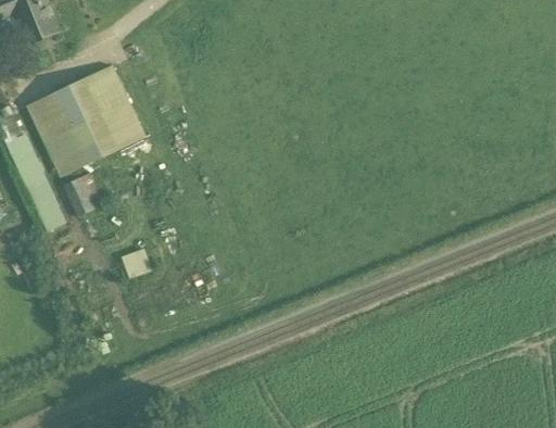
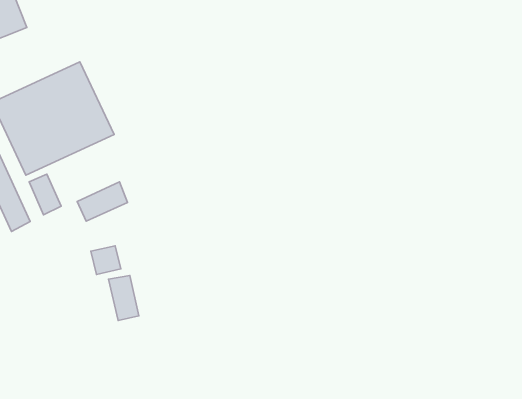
building: none -> [77,182,128,221]
building: none -> [108,275,139,321]

